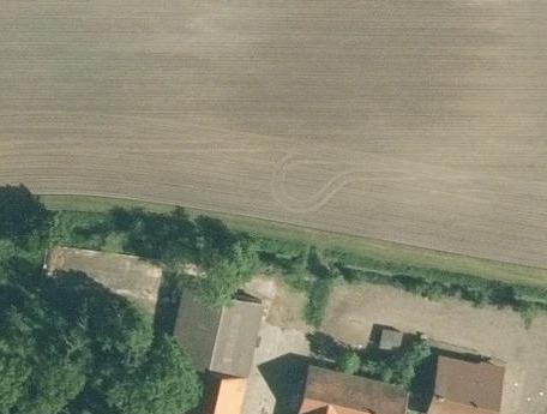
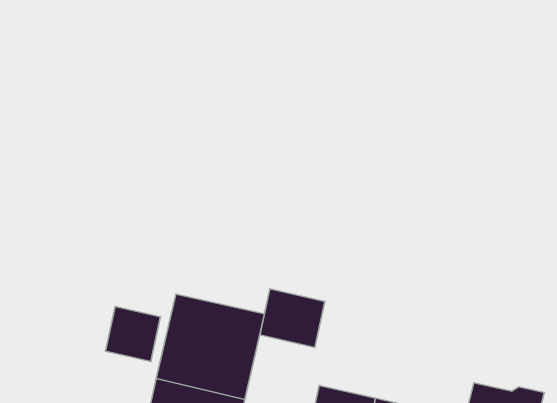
building: none -> [260,289,325,347]
building: none -> [105,306,161,362]

